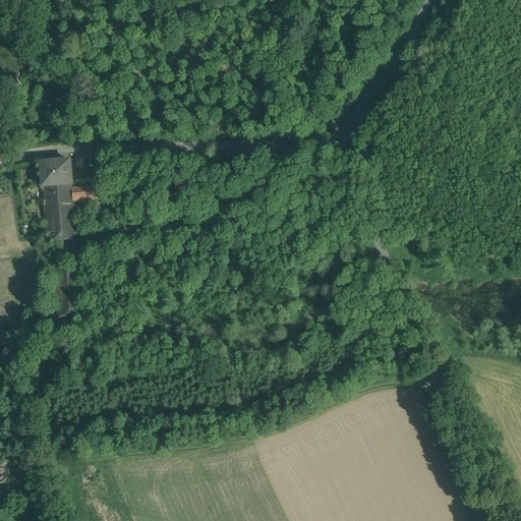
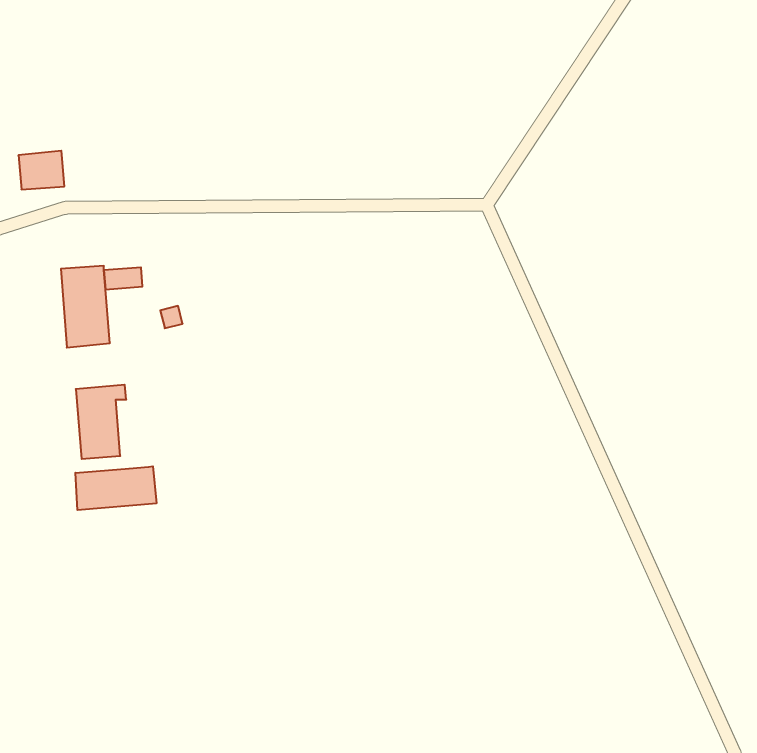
building: [40,158,71,184] -> [18,151,64,189]
building: none -> [75,466,156,510]

